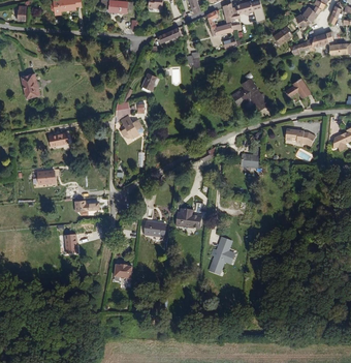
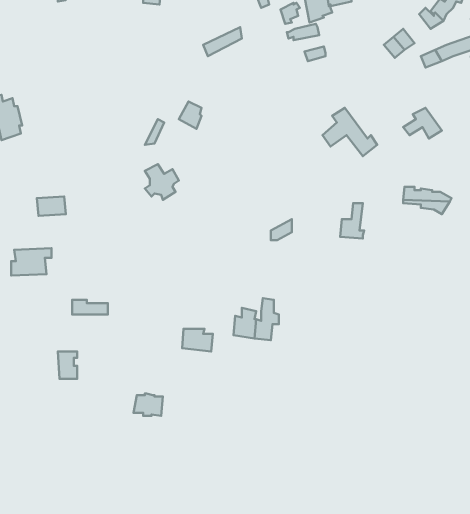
building: [210,238,233,273] -> none

